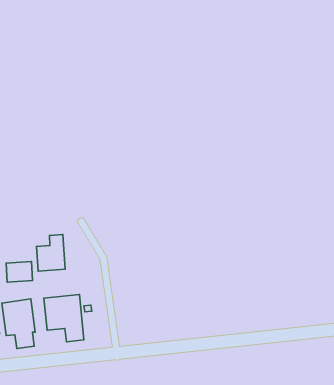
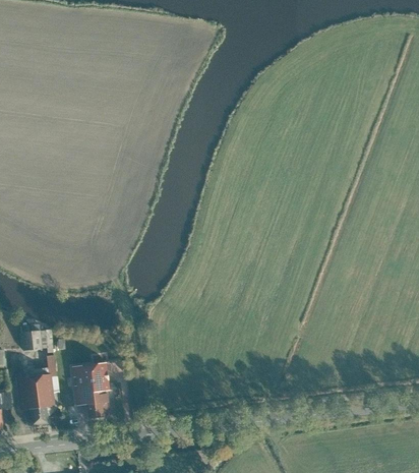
building: [37,235,65,271] -> none

